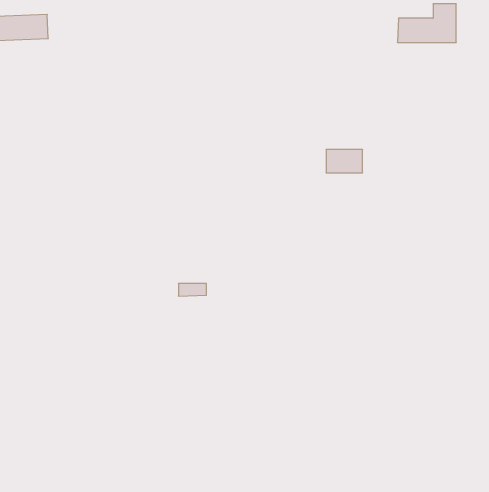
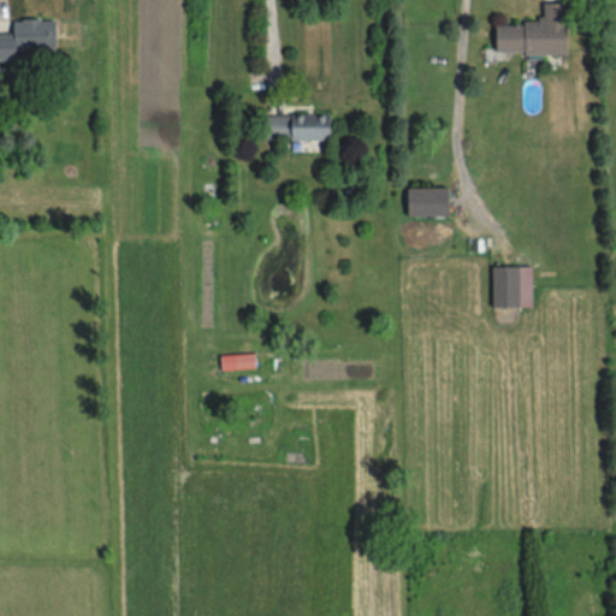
building: none -> [272,114,338,142]
building: none -> [492,266,522,308]

